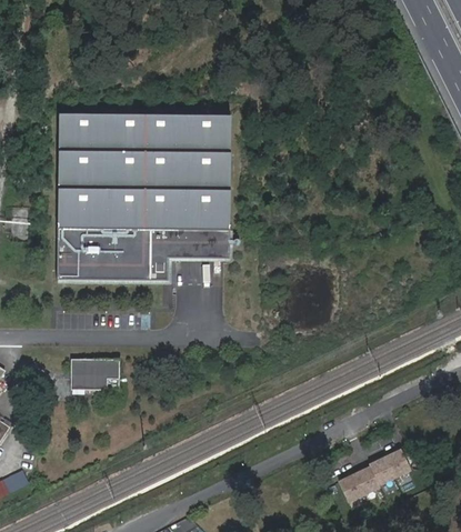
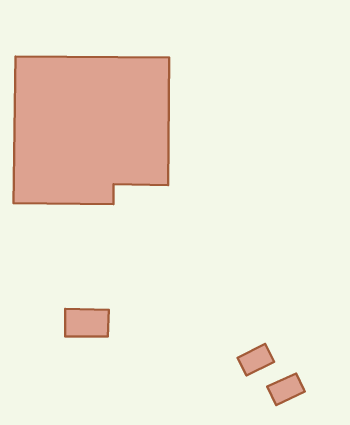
building: [71,357,120,388] -> [65,309,109,337]
building: [371,451,412,486] -> [237,344,274,376]

